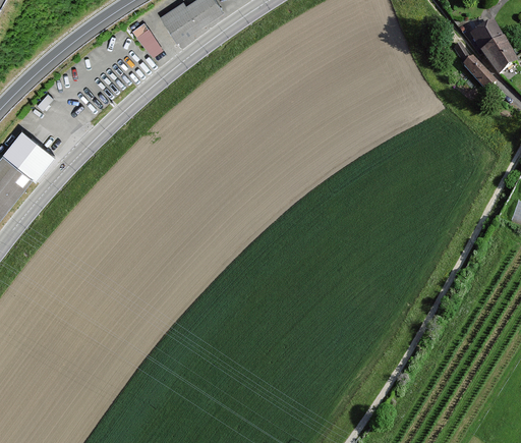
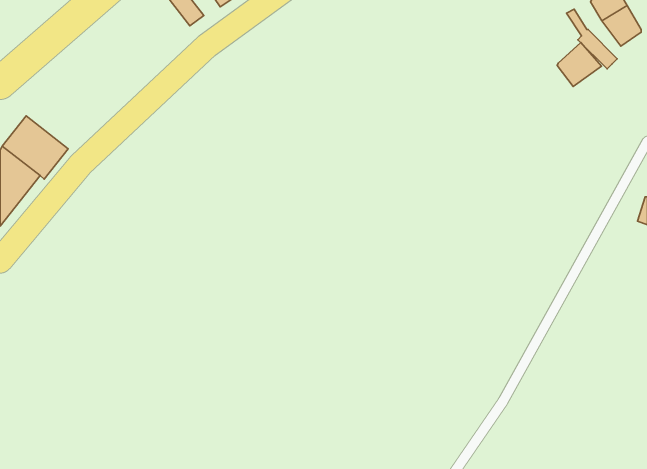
building: none -> [557,43,601,86]

